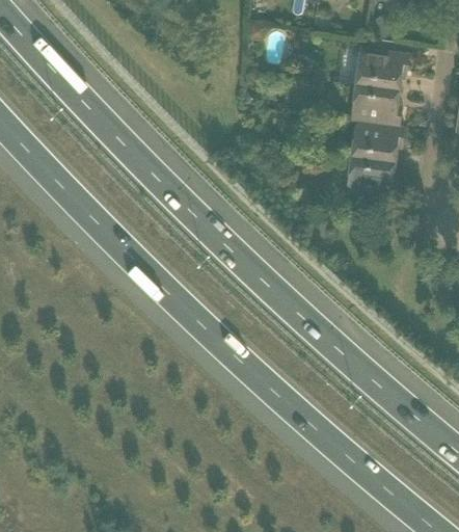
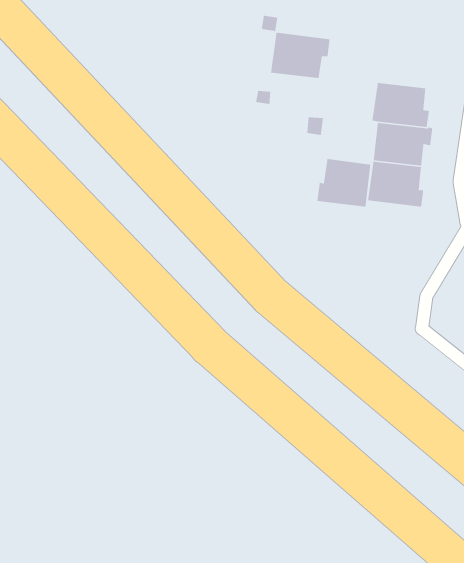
building: [354,48,409,90] -> [270,32,331,79]
building: none -> [317,158,371,208]

